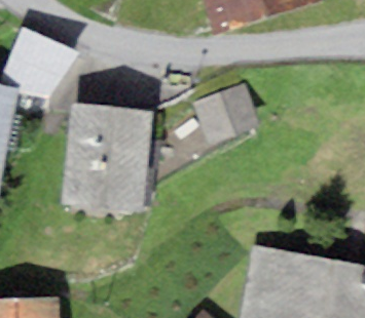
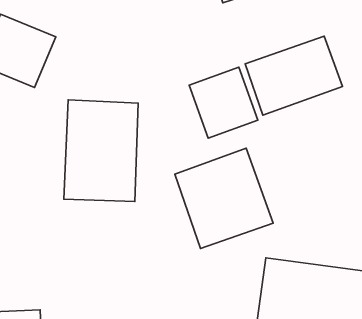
building: none -> [245,36,343,115]
building: none -> [175,148,273,249]

